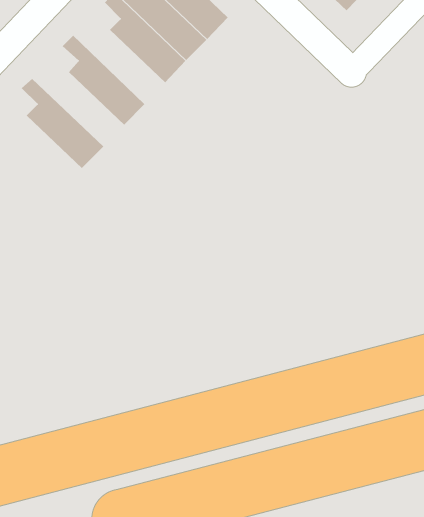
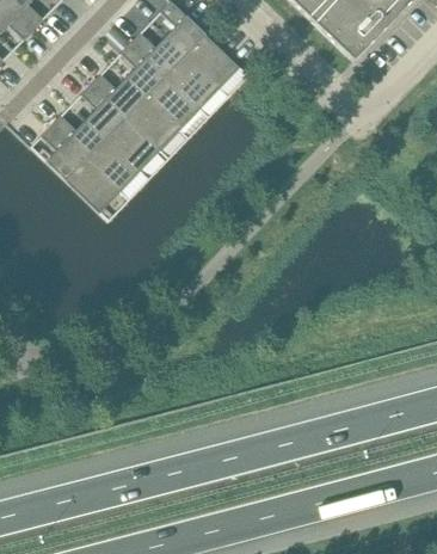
building: none -> [91,72,179,149]
building: none -> [51,113,140,190]

